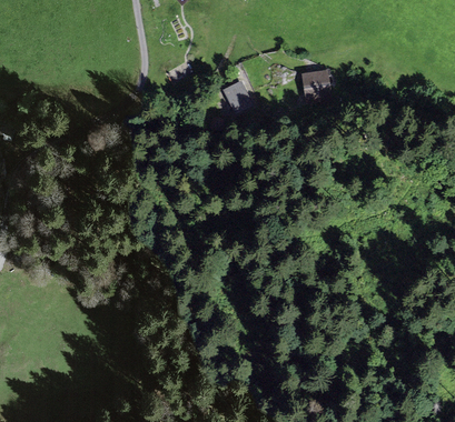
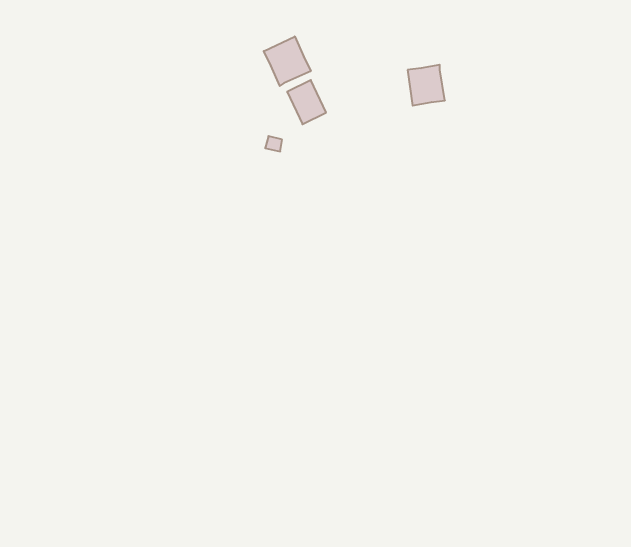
building: none -> [264,36,311,86]

